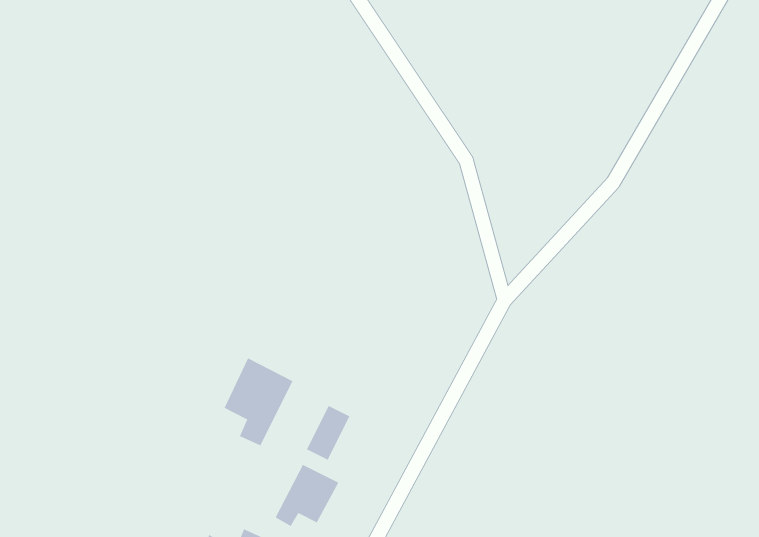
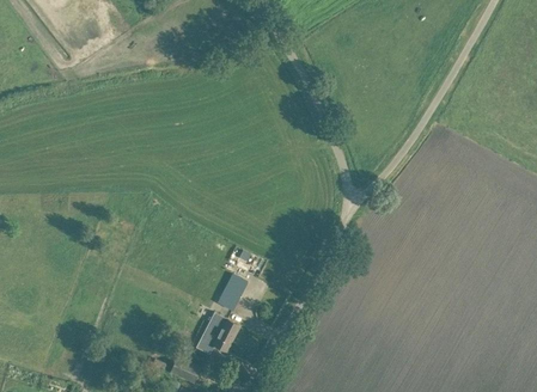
building: [224,357,293,446] -> none

